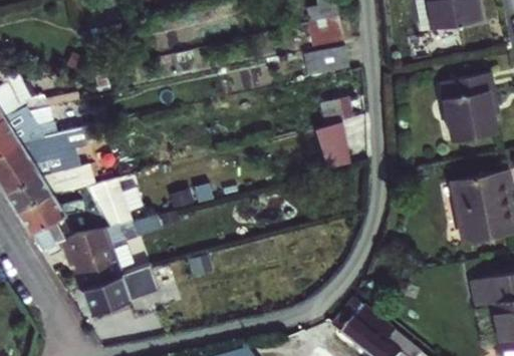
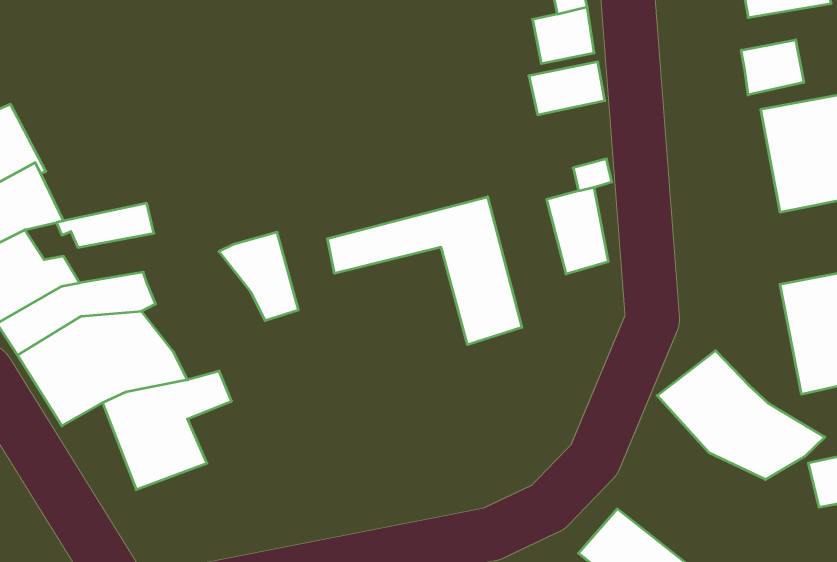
building: none -> [741,40,804,95]
building: none -> [327,197,522,345]
building: [88,182,134,232] -> [219,232,298,321]
building: none -> [657,351,825,480]
building: [85,270,162,319] -> none

